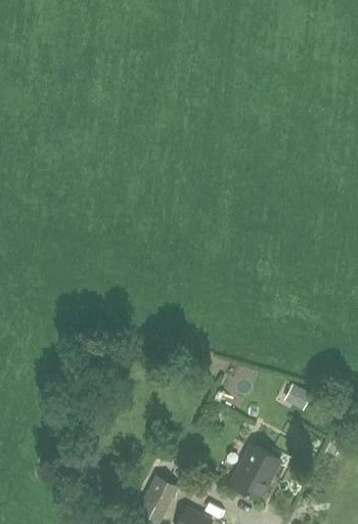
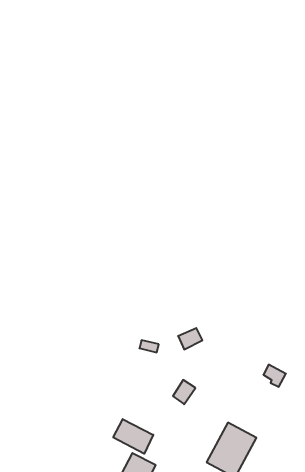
building: none -> [113,419,153,454]

